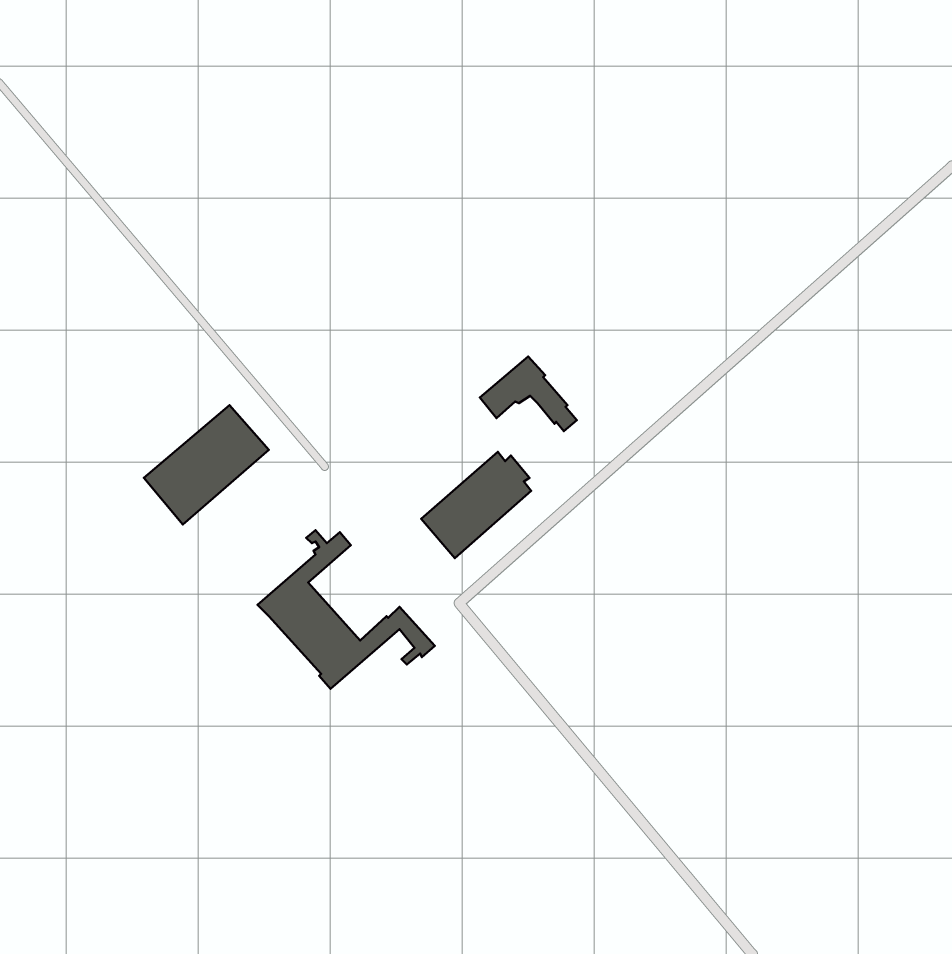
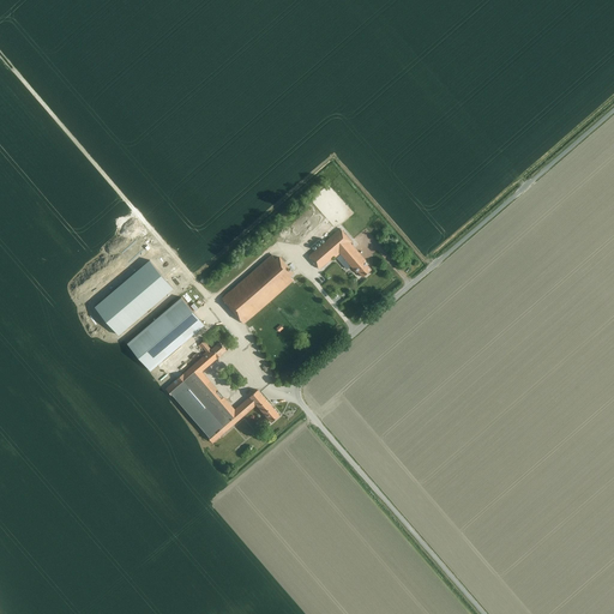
building: [421,452,531,558] -> [222,254,293,323]
building: none -> [127,297,204,371]

